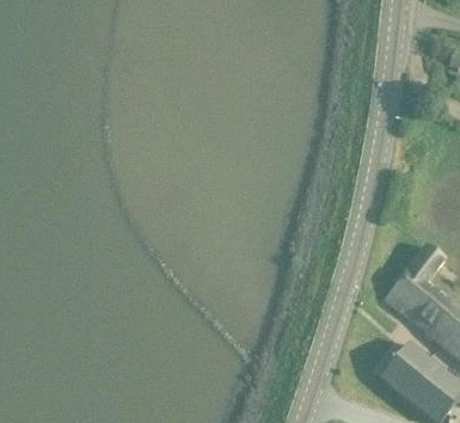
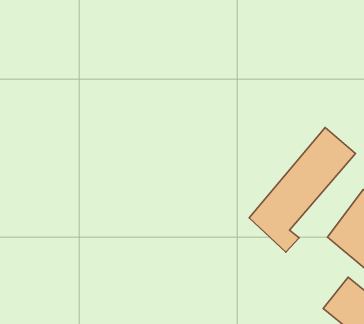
building: none -> [249,127,356,252]

